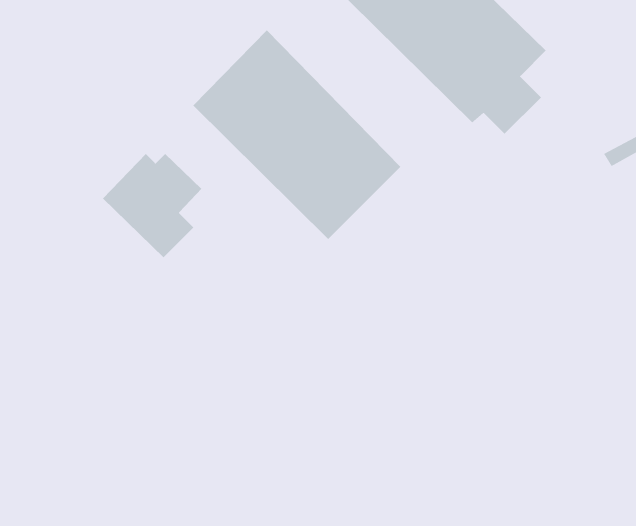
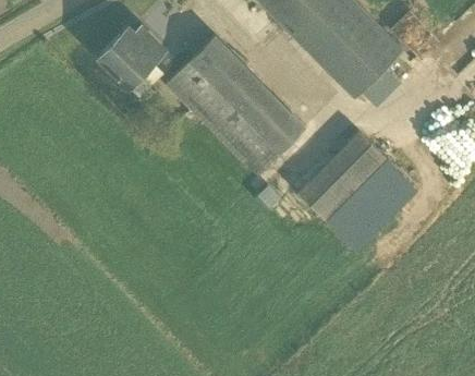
building: [102,153,202,258] -> [98,27,166,98]
building: none -> [296,130,416,250]

